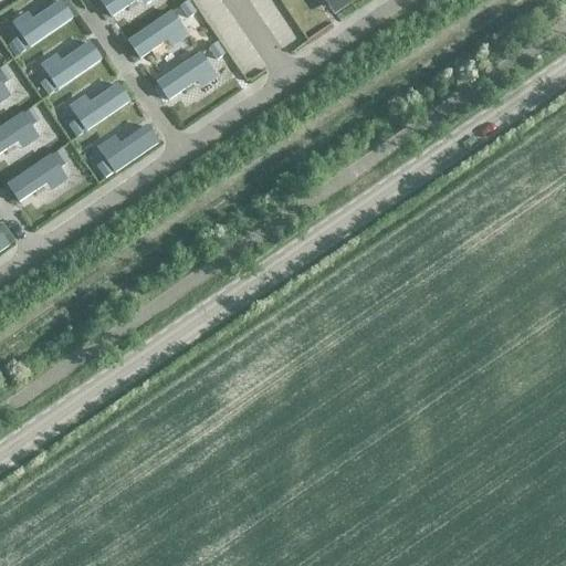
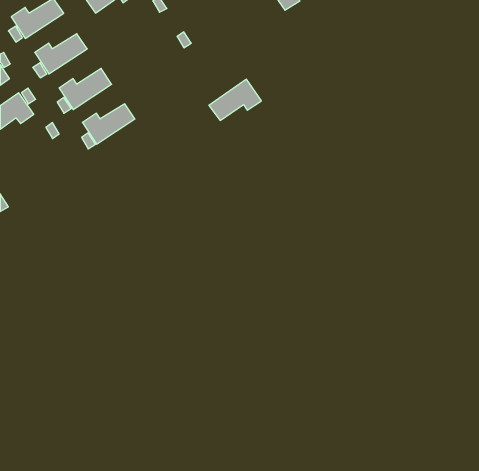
building: [128,8,190,56] -> none
building: [157,49,219,97] -> [209,79,261,120]
building: [7,151,69,200] -> none

